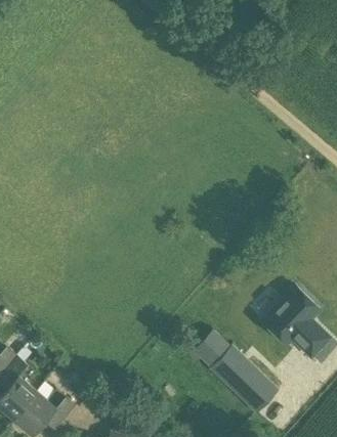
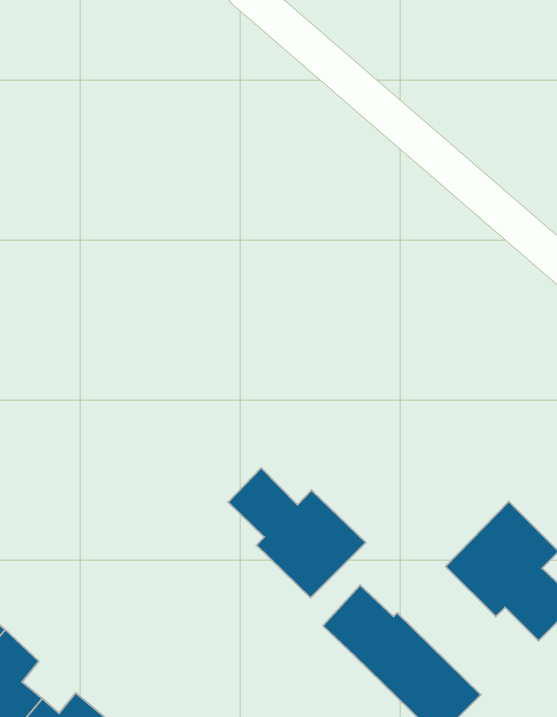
building: none -> [228,468,366,598]

